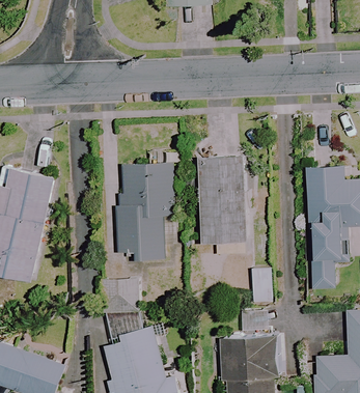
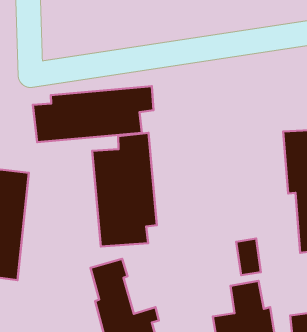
building: none -> [33,86,153,142]
building: [201,157,247,258] -> none

